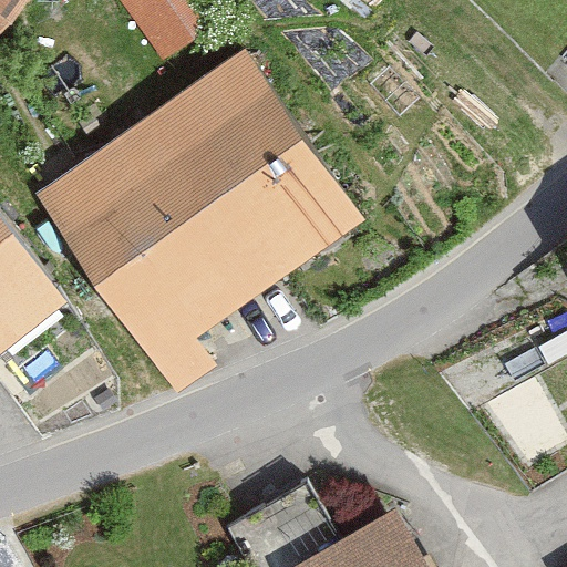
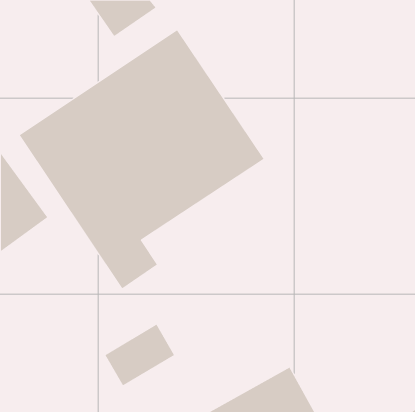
building: [237,477,332,561] -> [104,324,175,386]

